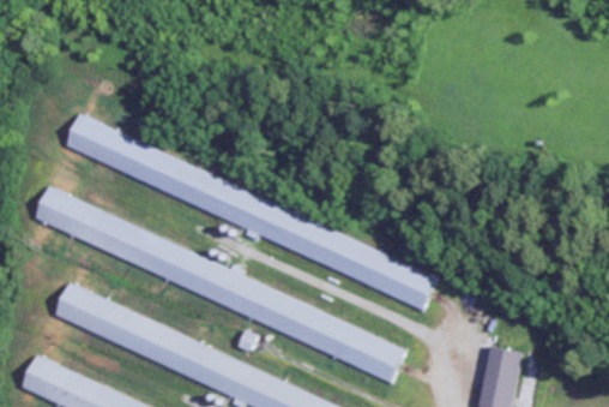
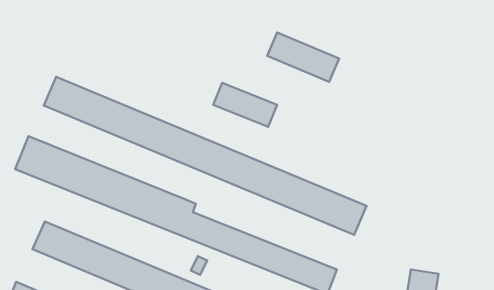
building: none -> [267,33,339,82]
building: none -> [213,83,277,127]

